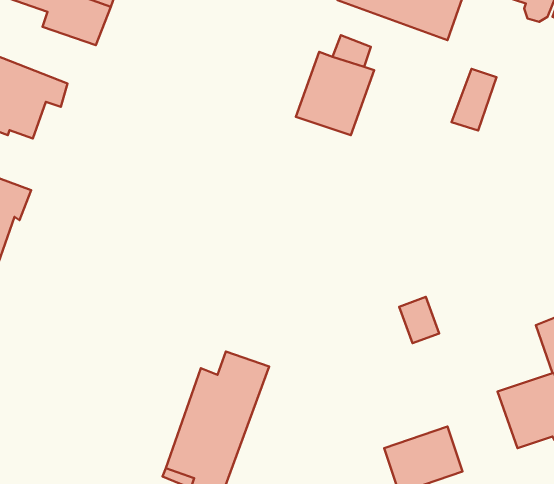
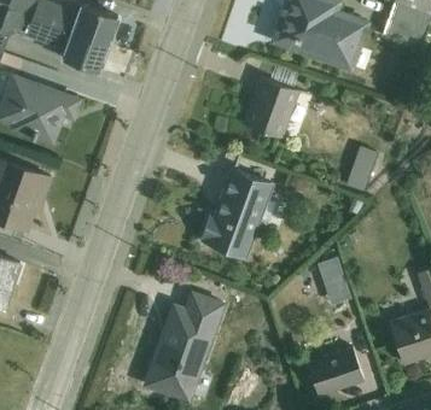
building: [452,69,496,131] -> [345,147,378,192]
building: none -> [200,170,276,257]

